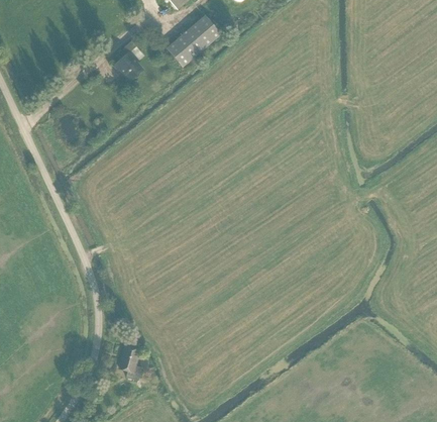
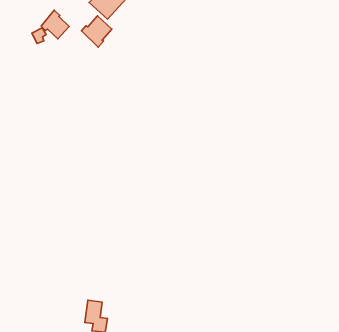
building: none -> [81,16,112,47]

